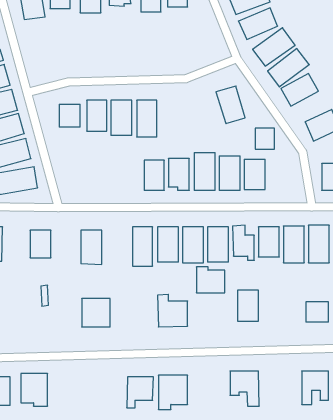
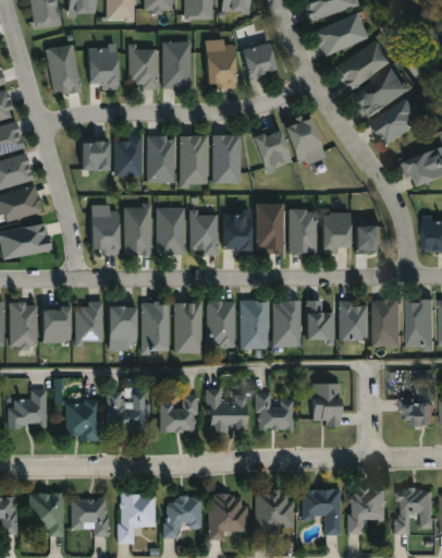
building: none -> [205,40,232,86]
building: none -> [163,43,189,88]
building: none -> [240,43,274,80]
building: none -> [47,45,81,95]
building: none -> [88,48,115,88]
building: none -> [128,49,155,88]
building: none -> [253,128,290,171]
building: none -> [213,135,241,182]
building: [255,128,274,149] -> [356,225,381,252]
building: none -> [91,205,119,253]
building: none -> [124,205,151,253]
building: none -> [158,207,184,254]
building: none -> [10,302,38,347]
building: none -> [76,302,103,342]
building: none -> [143,302,169,350]
building: [196,267,225,293] -> [257,396,294,429]
building: none -> [9,391,47,427]
building: none -> [161,396,199,433]
building: none -> [67,400,100,440]
building: none -> [348,488,384,534]
building: none -> [256,490,294,531]
building: none -> [119,494,156,543]
building: none -> [71,498,109,536]

